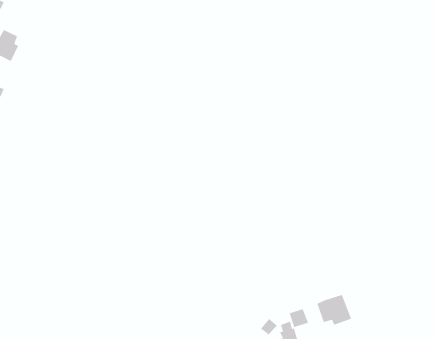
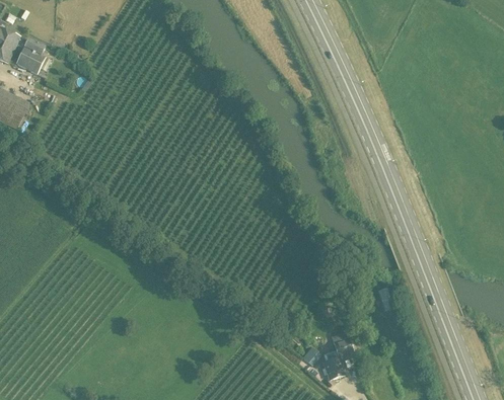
building: [317,294,352,326] -> none

